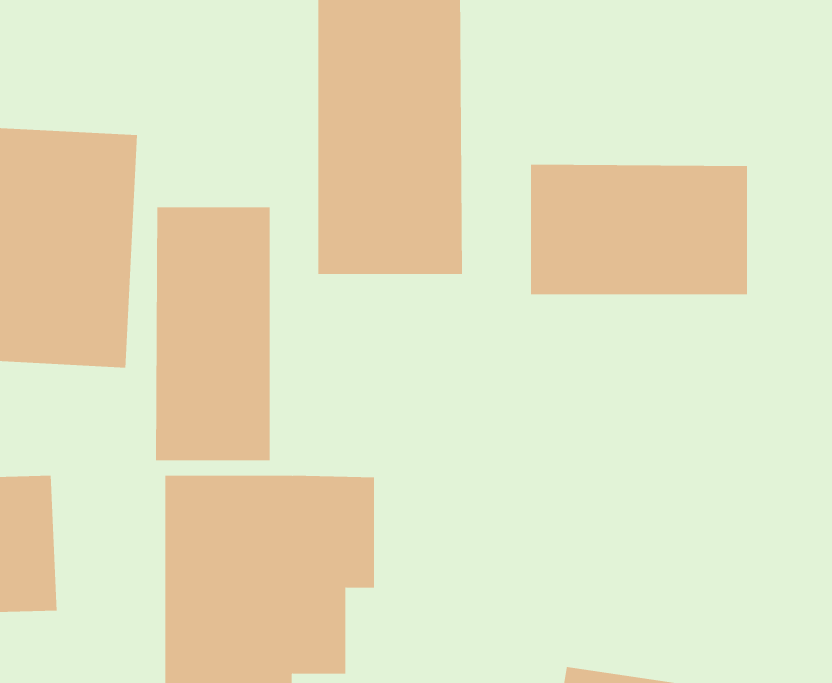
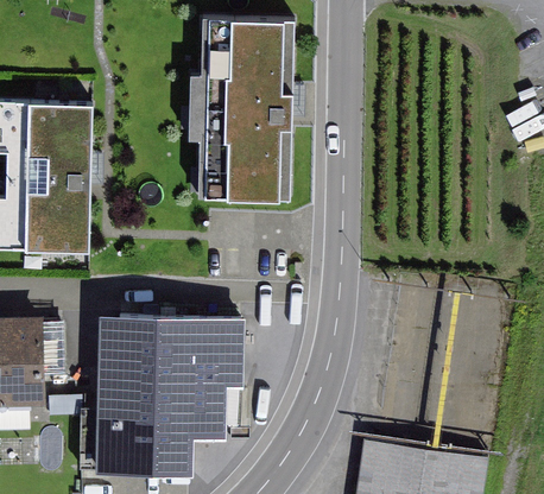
building: [530,164,747,295] -> none
building: [155,206,270,461] -> none

